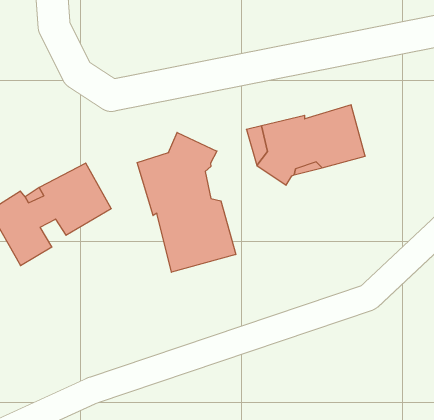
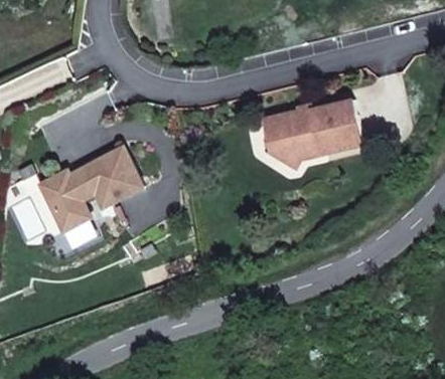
building: [137,132,236,272] -> none

